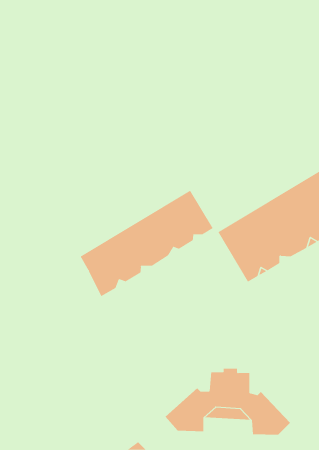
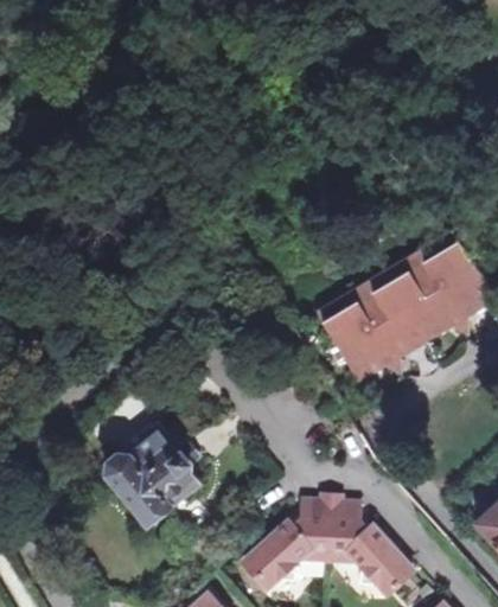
building: [80,190,214,297] -> none
building: none -> [109,422,200,524]

